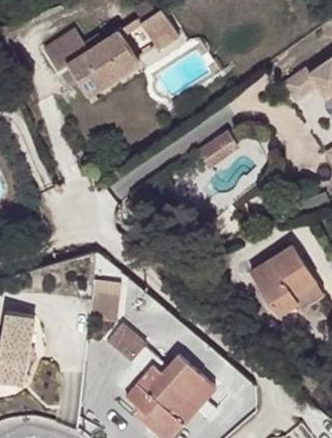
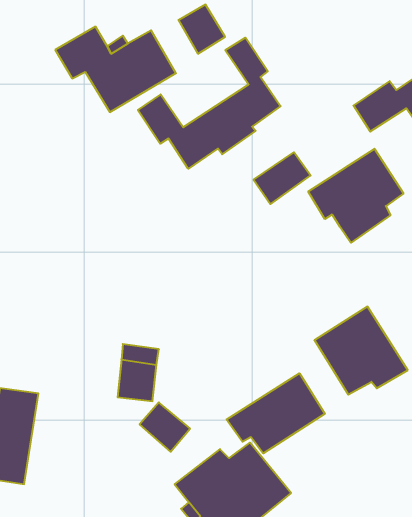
building: none -> [138,38,281,169]
building: none -> [308,149,403,243]
building: none -> [227,373,325,453]

